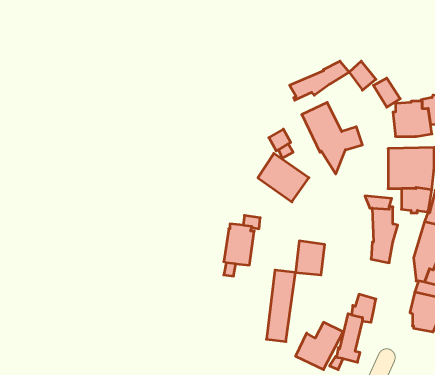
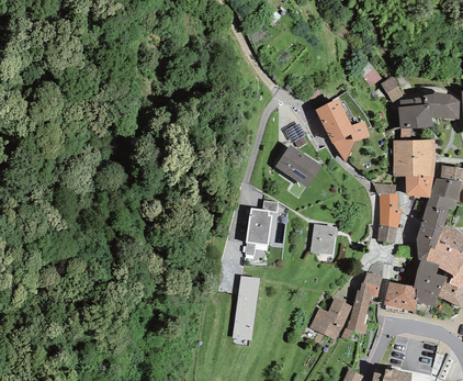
building: [290,61,349,100] -> none
building: [266,270,296,342] -> [233,276,259,340]
building: none -> [383,282,416,312]

